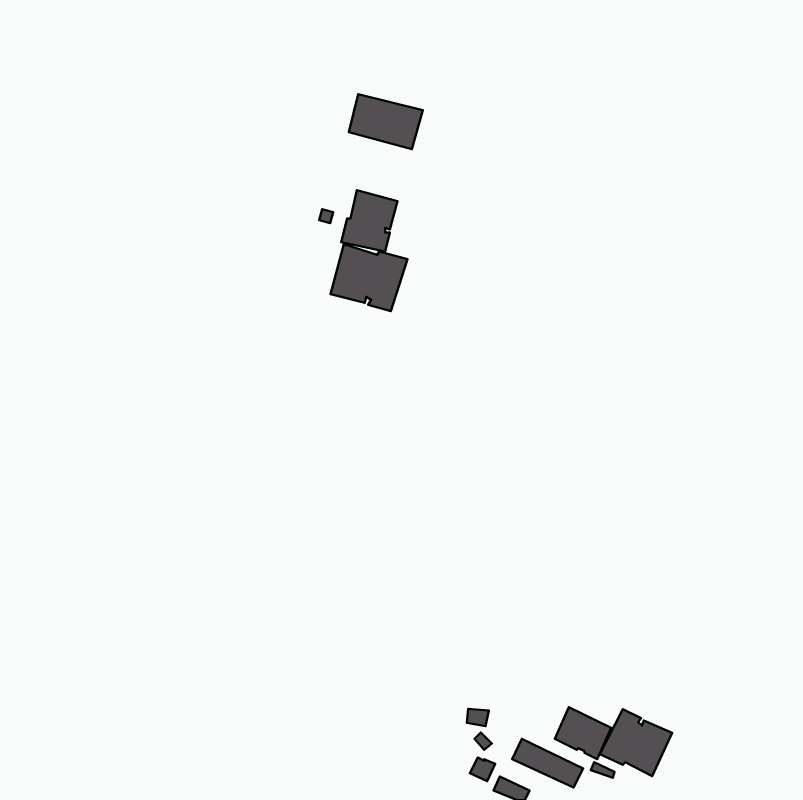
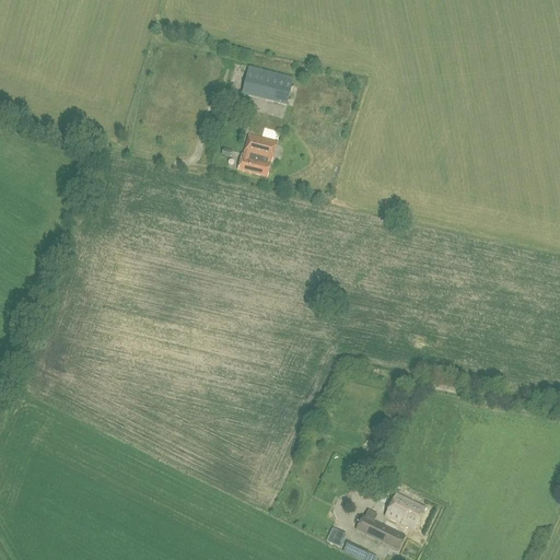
building: [331,244,408,311] -> none
building: [600,709,672,776] -> none

